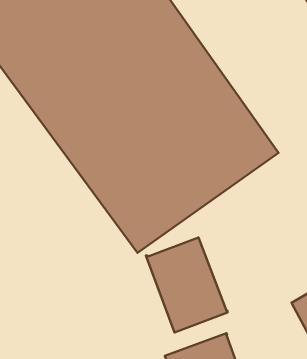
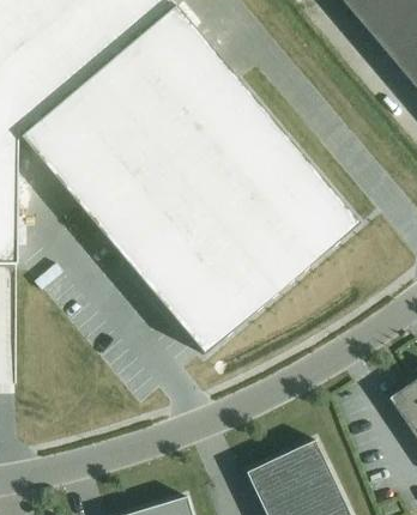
building: [146,238,228,332] -> none

